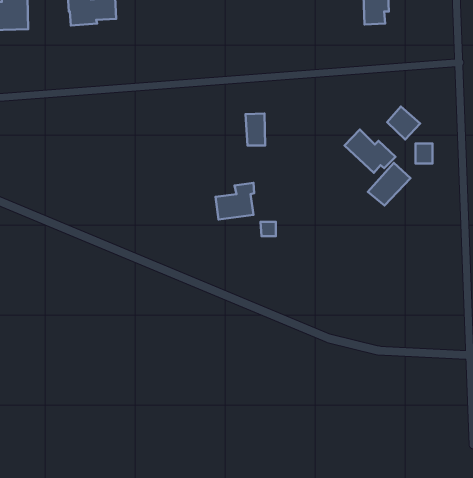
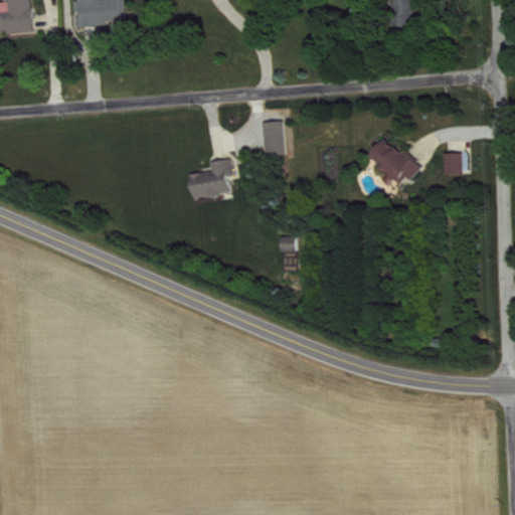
building: [387,106,420,139] -> none
building: [368,163,410,206] -> none
building: [216,183,254,220] -> [188,159,229,198]

